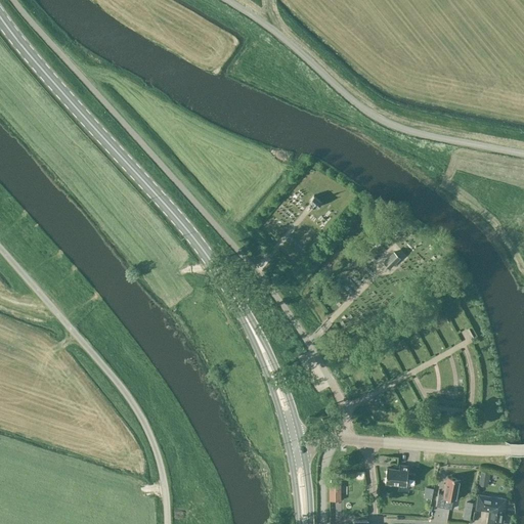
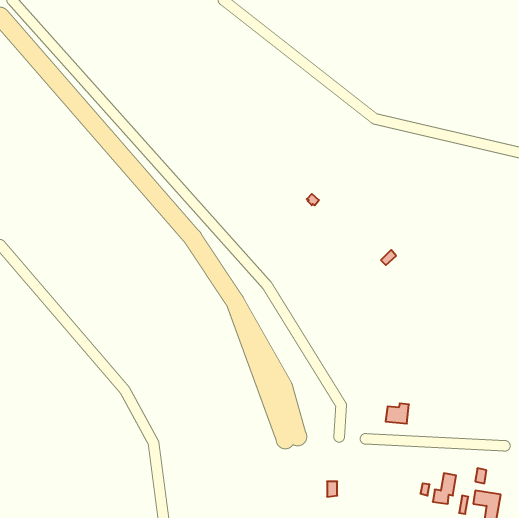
building: [385,466,408,486] -> [386,403,409,424]

